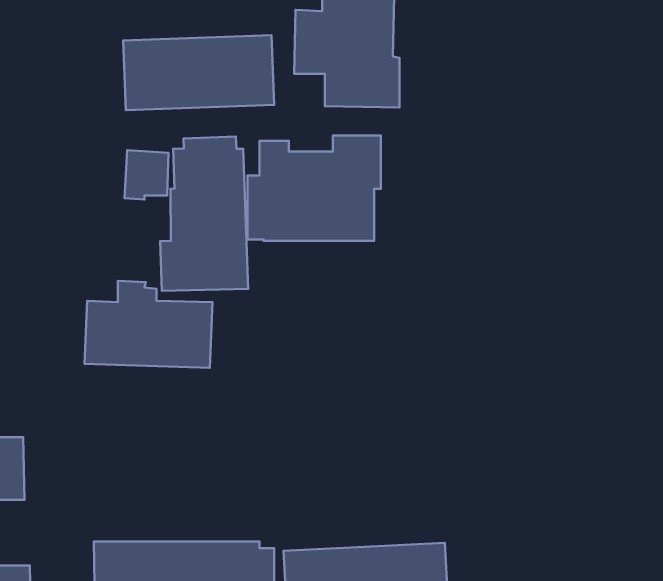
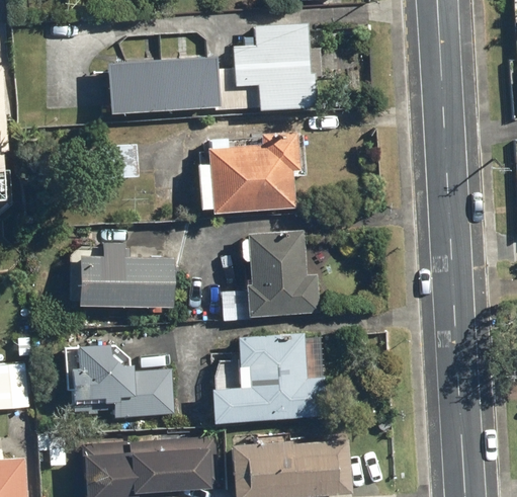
building: [160,137,248,291] -> none
building: none -> [239,229,319,317]
building: none -> [207,331,329,423]
building: none -> [65,347,176,418]

